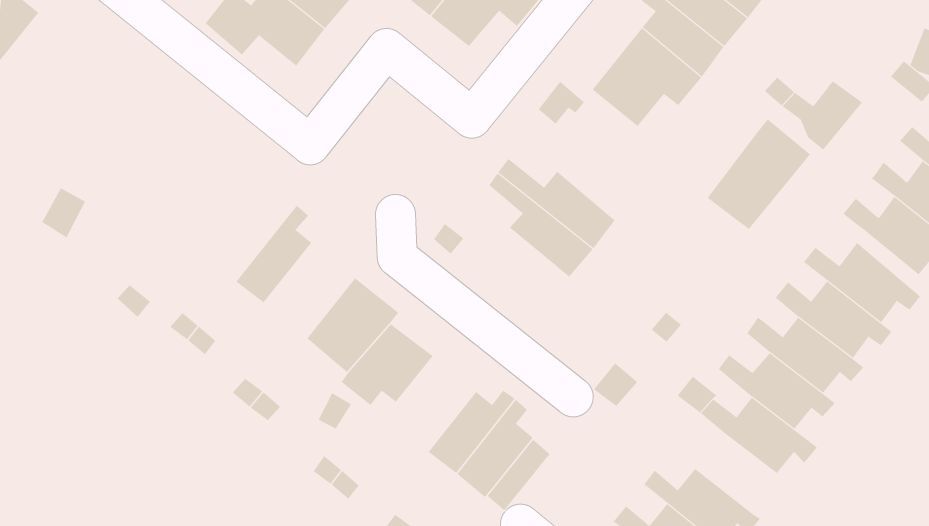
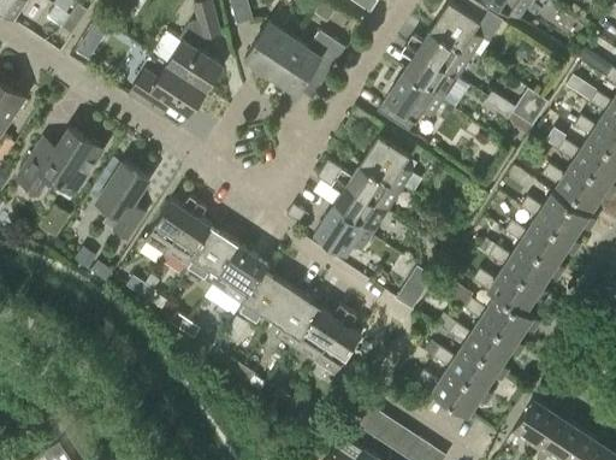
building: none -> [17,128,103,194]
building: [707,119,811,230] -> none
building: none -> [360,136,413,193]
building: none -> [97,163,148,240]
building: none -> [144,197,199,254]
building: none -> [314,204,374,254]
building: none -> [184,225,239,285]
building: none -> [273,289,322,349]
building: none -> [449,319,525,368]

